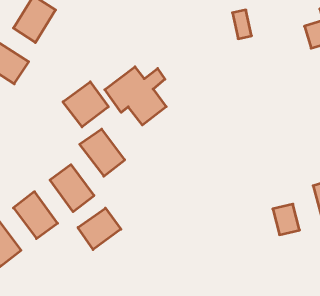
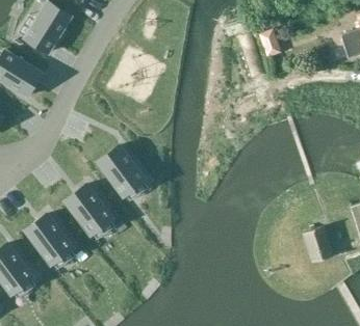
building: [105,67,166,125] -> none
building: [63,82,108,127] -> none
building: [78,208,121,250] -> none

